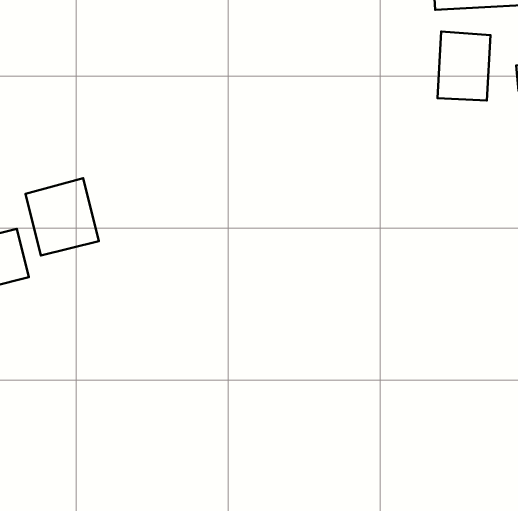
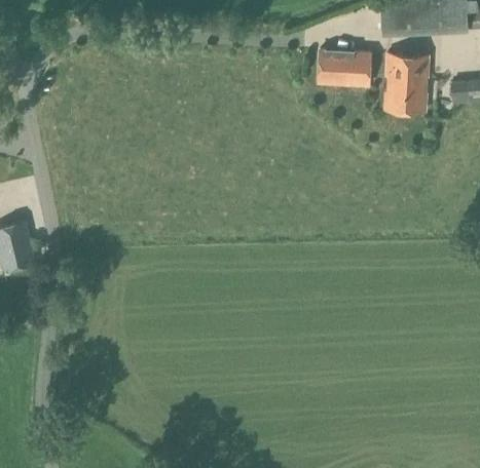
building: none -> [318,51,370,87]
building: [25,178,99,255] -> none

